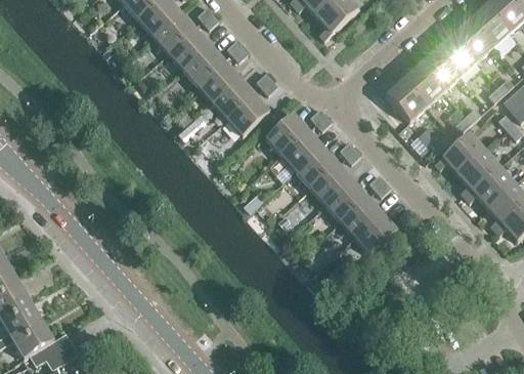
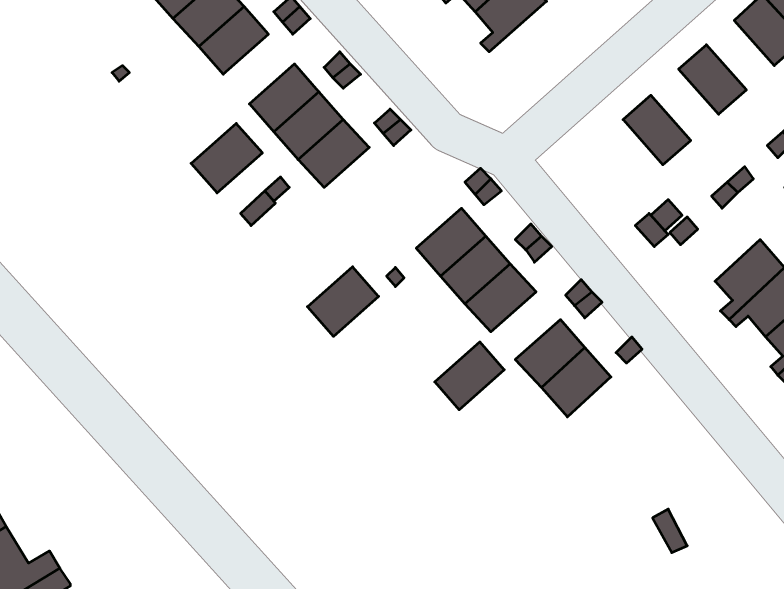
building: [451,20,491,61] -> none
building: [167,29,209,70] -> [191,123,262,193]
building: [419,49,458,91] -> none
building: [385,79,426,121] -> none
building: [226,95,268,136] -> [307,267,379,336]
building: [265,114,307,155] -> none
building: [434,133,483,174] -> none
building: [324,180,365,220] -> [435,342,504,410]

